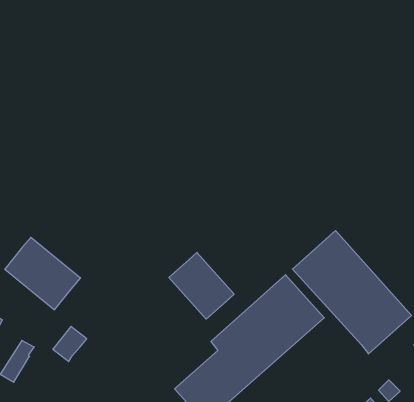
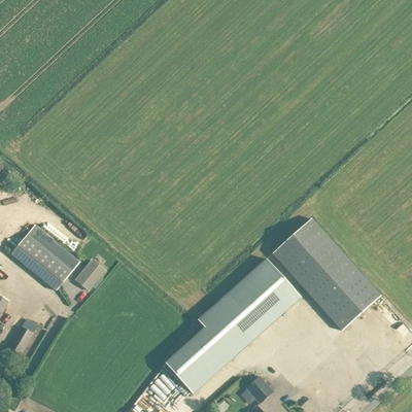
building: [169,252,234,319] -> none
building: [53,326,87,362] -> [74,258,105,289]

